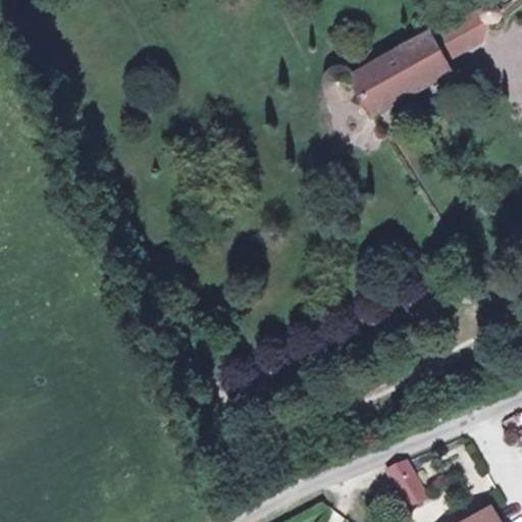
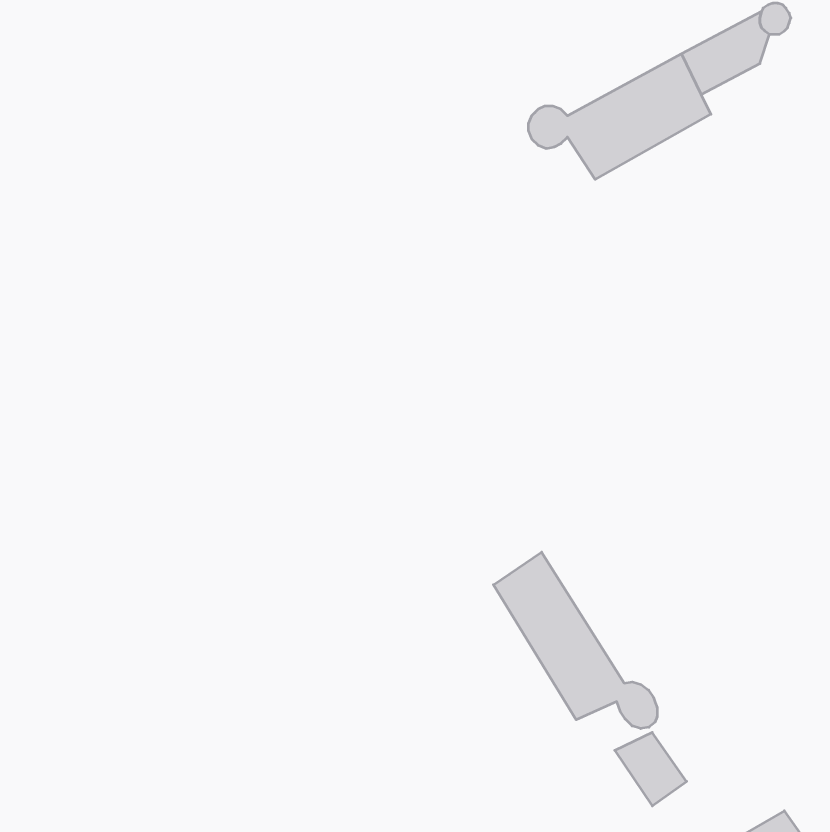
building: none -> [493,552,657,729]

